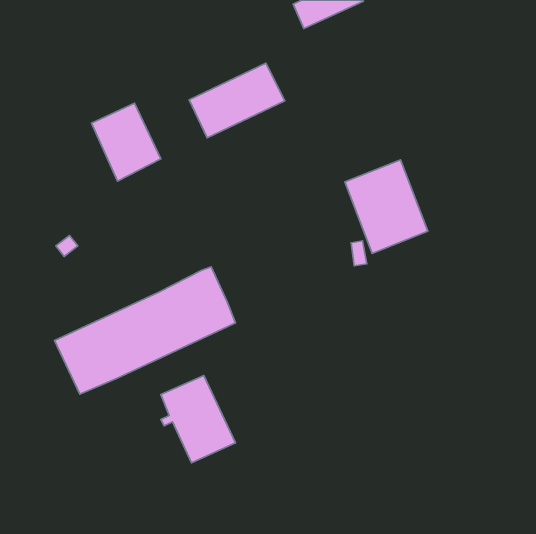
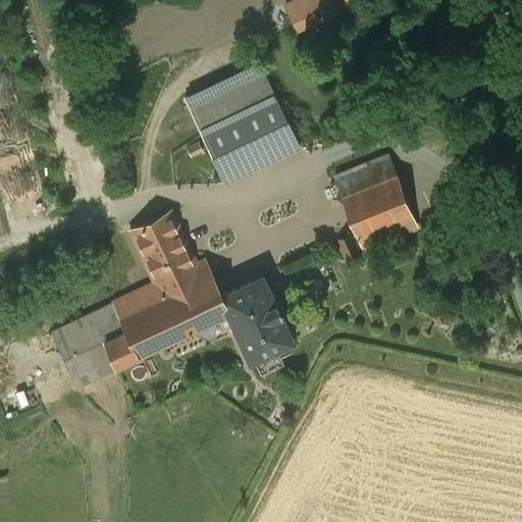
building: none -> [201,101,298,184]
building: [91,103,161,181] -> [128,211,196,286]
building: [161,376,235,463] -> [220,277,293,362]

